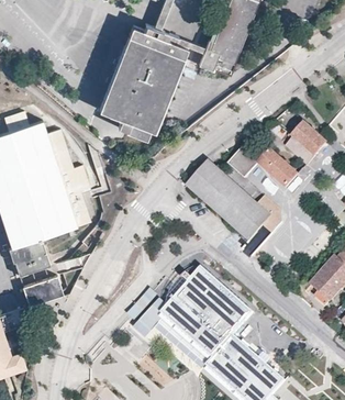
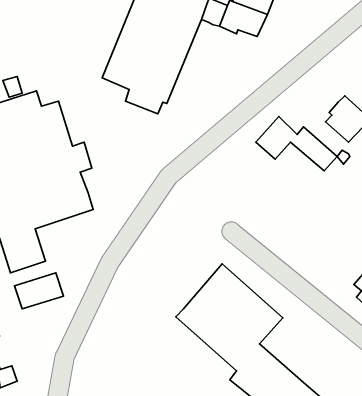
building: [186,159,281,238] -> none
building: [134,296,212,367] -> none

